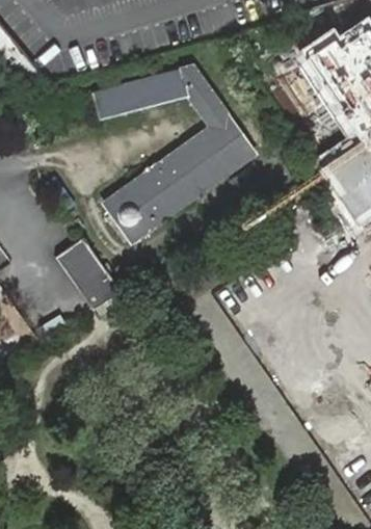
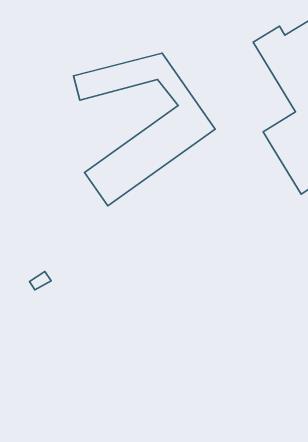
building: [55,238,122,310] -> none

